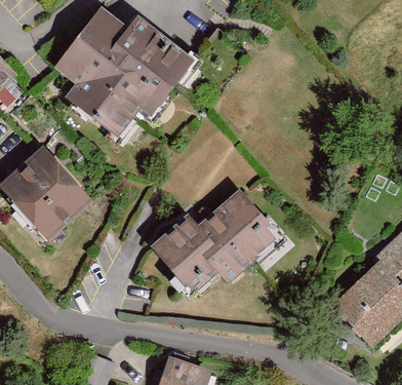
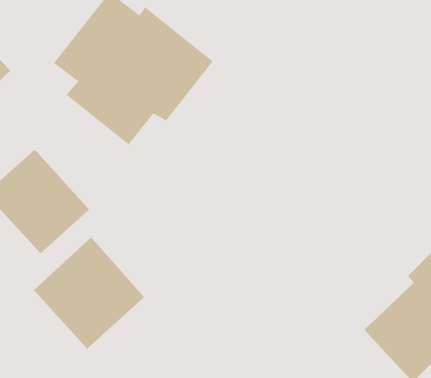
building: [155,190,284,292] -> none
building: none -> [33,236,145,350]

